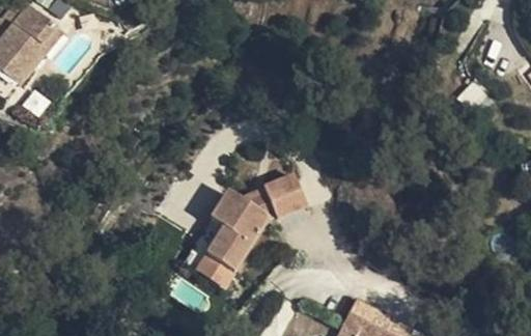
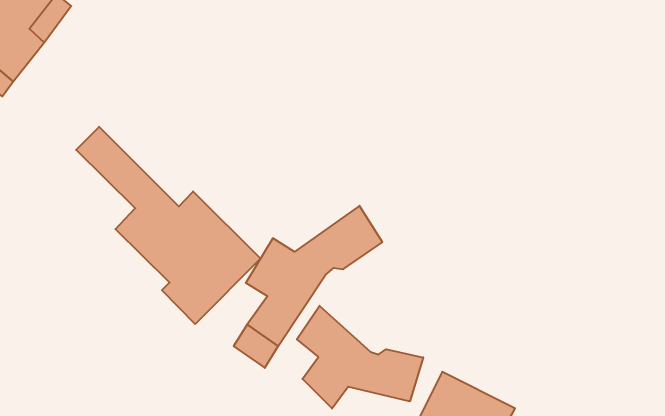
building: none -> [76,127,260,324]
building: none -> [297,306,423,409]

